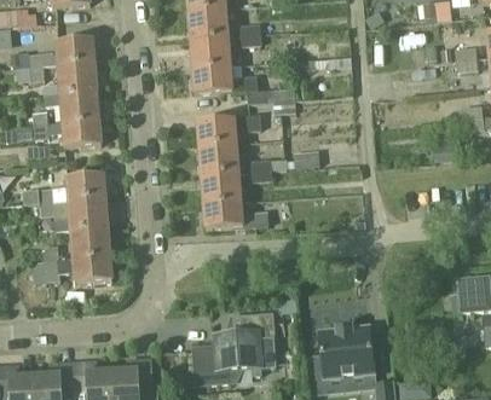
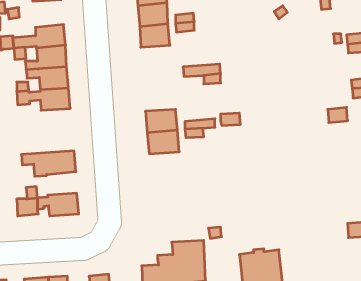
building: [192,64,259,93] -> none
building: [197,114,261,149] -> none
building: [37,173,106,204] -> none
building: [203,201,268,230] -> none
building: [71,226,110,256] -> none

